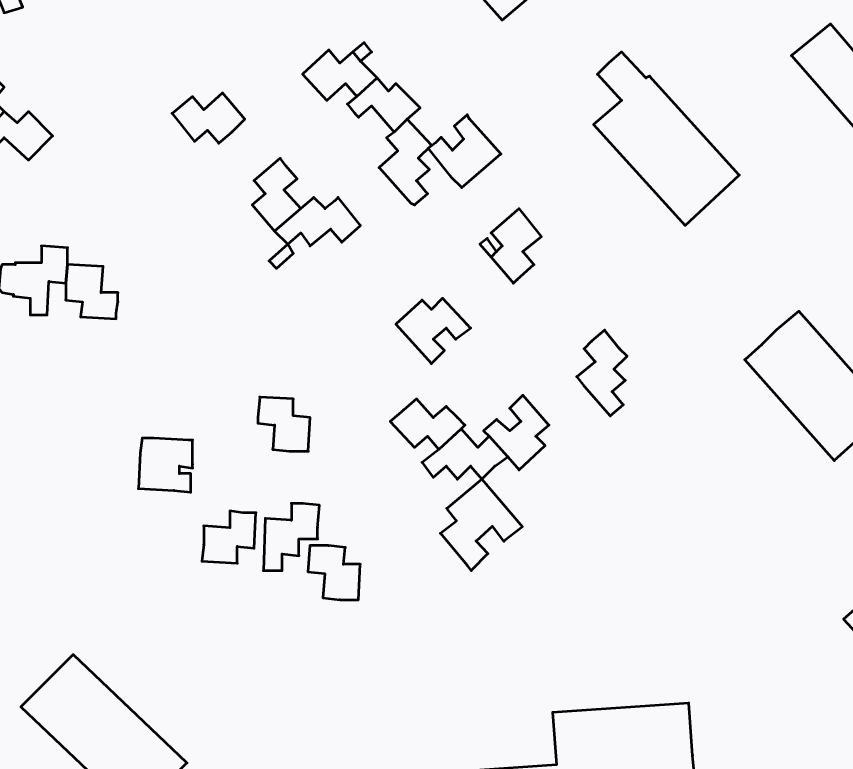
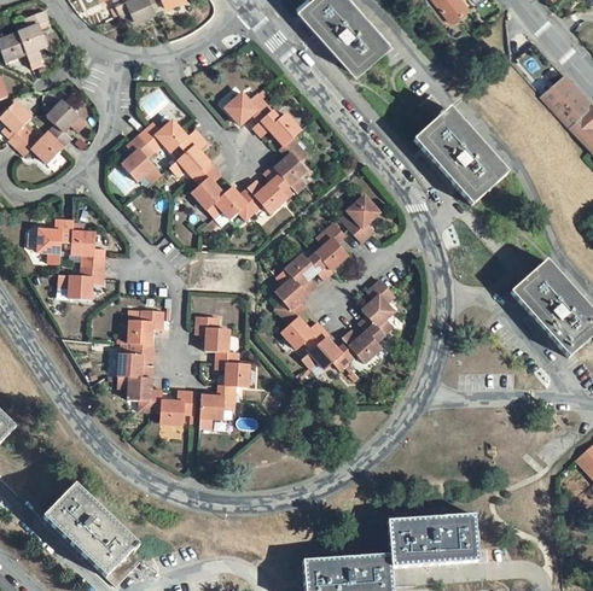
building: none -> [47,99,87,147]
building: none -> [169,129,210,176]
building: none -> [122,133,162,182]
building: [428,115,501,188] -> [248,165,295,212]
building: none -> [315,222,348,269]
building: none -> [58,264,104,299]
building: none -> [274,269,308,324]
building: [577,330,627,416] -> [362,279,395,334]
building: none -> [128,310,163,344]
building: [440,479,522,571] -> none
building: none -> [117,375,162,411]
building: [308,546,360,600] -> [215,351,249,386]

